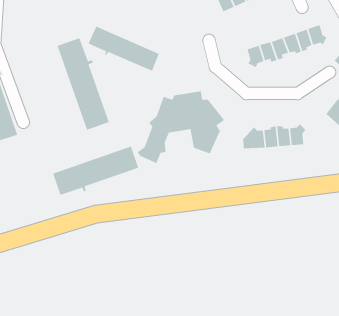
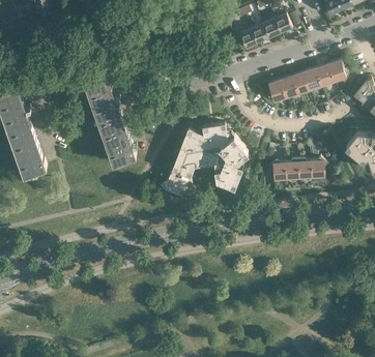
building: [88,26,160,72] -> none
building: [52,145,139,196] -> none

